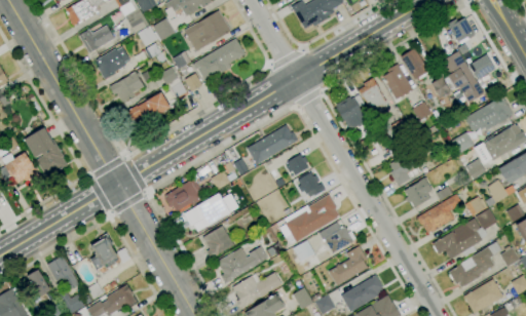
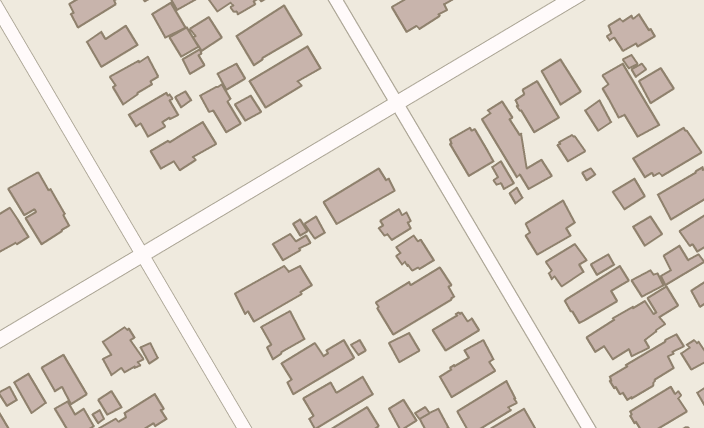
building: [164,179,210,211] -> none

